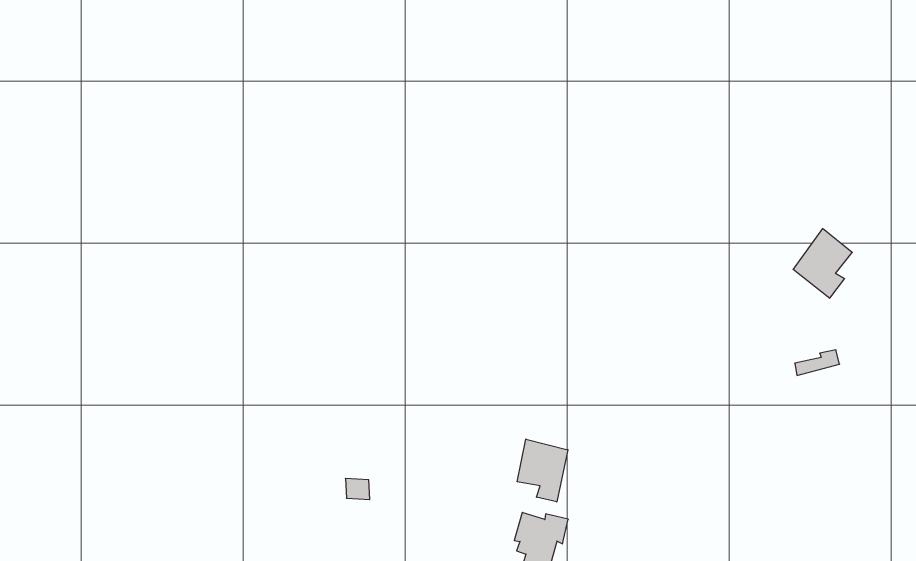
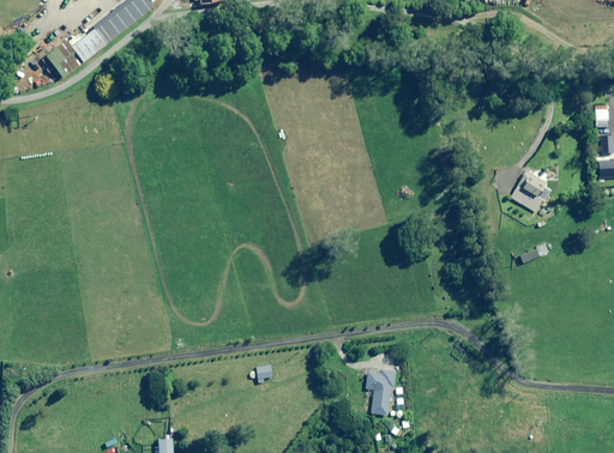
building: [517,439,568,502] -> none

